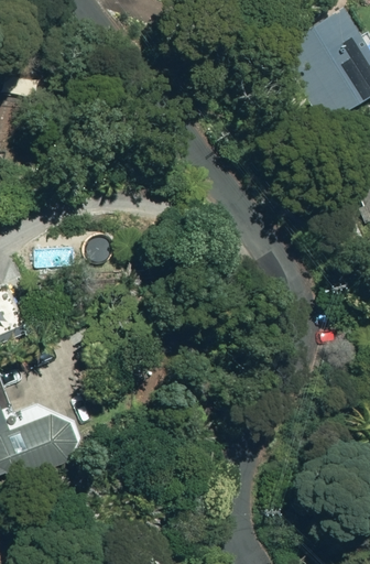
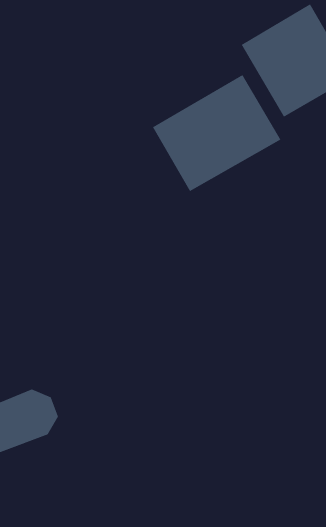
building: none -> [152,74,281,192]

